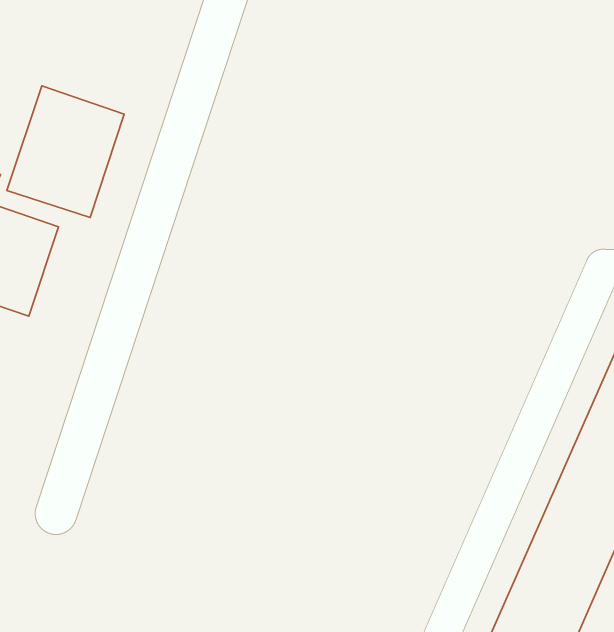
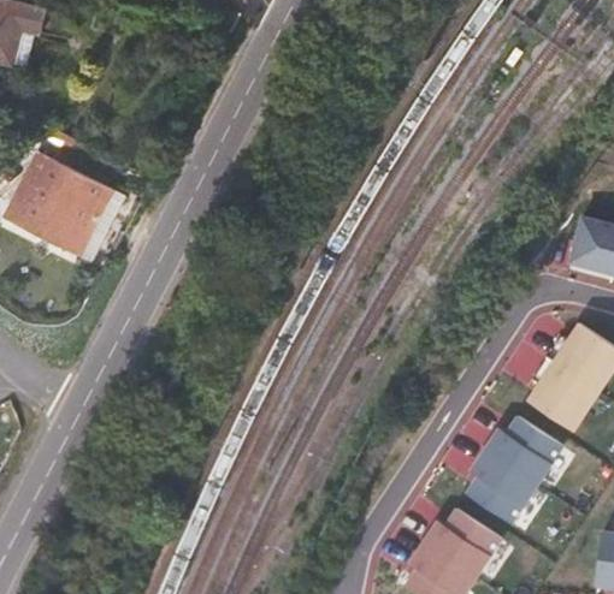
building: [7,86,124,218] -> none

